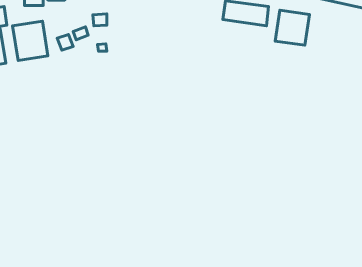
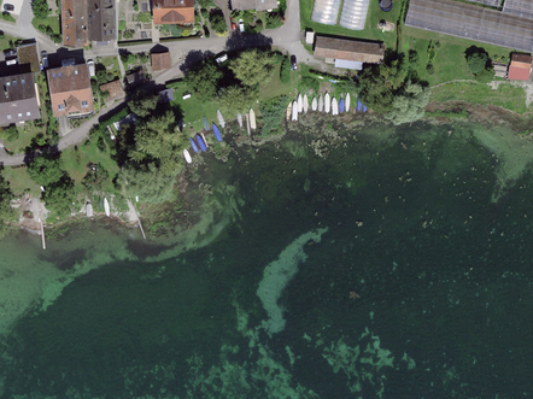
building: [275,10,310,45] -> none

